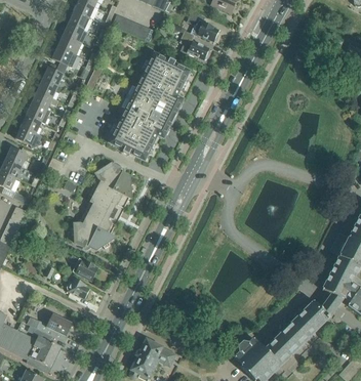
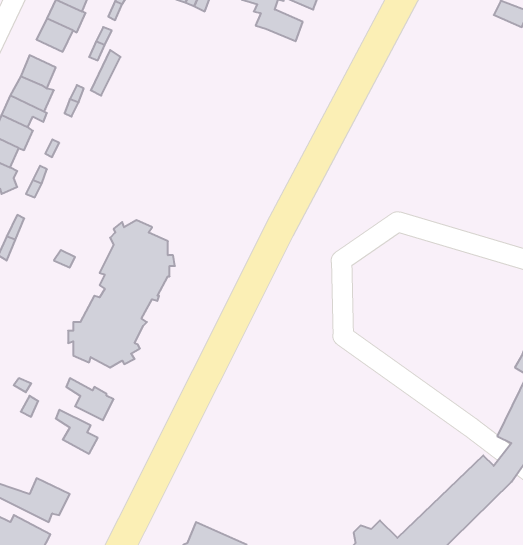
building: [109,52,189,160] -> none

